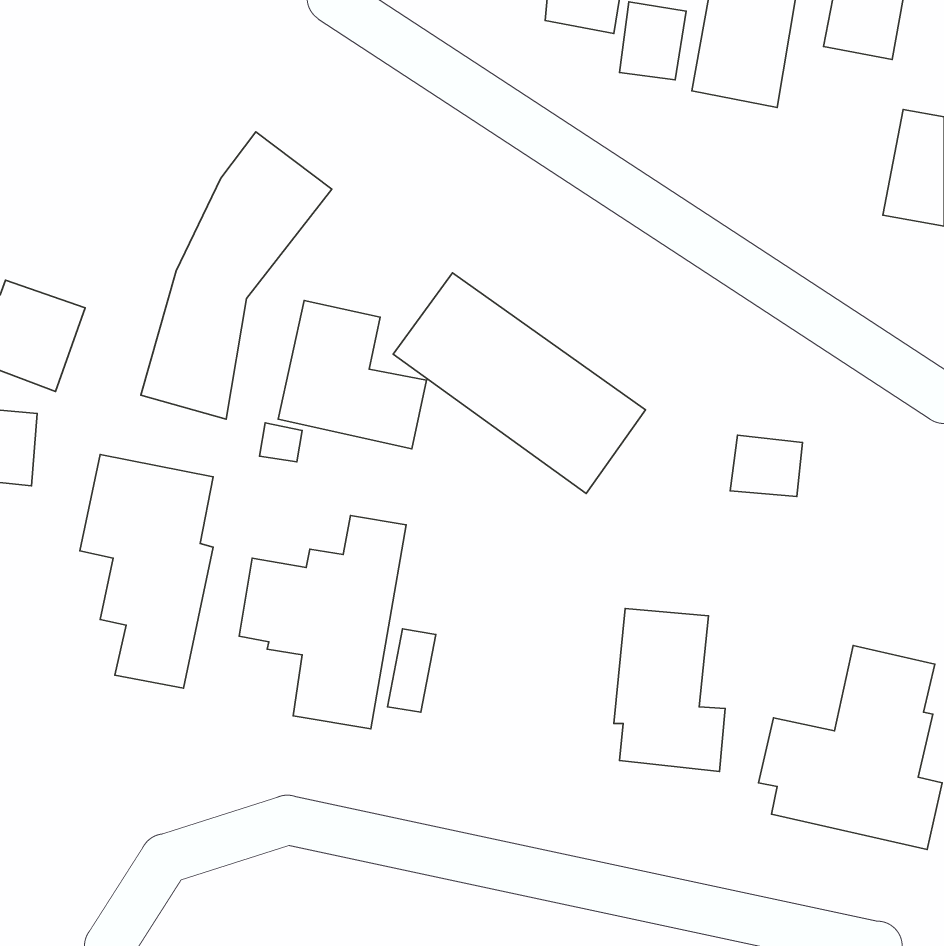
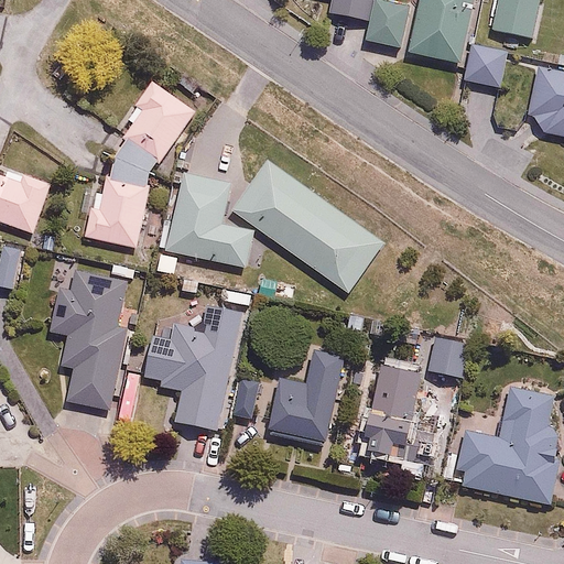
building: none -> [465,43,507,88]
building: [730,435,802,496] -> [424,335,467,371]
building: none -> [268,350,345,451]

